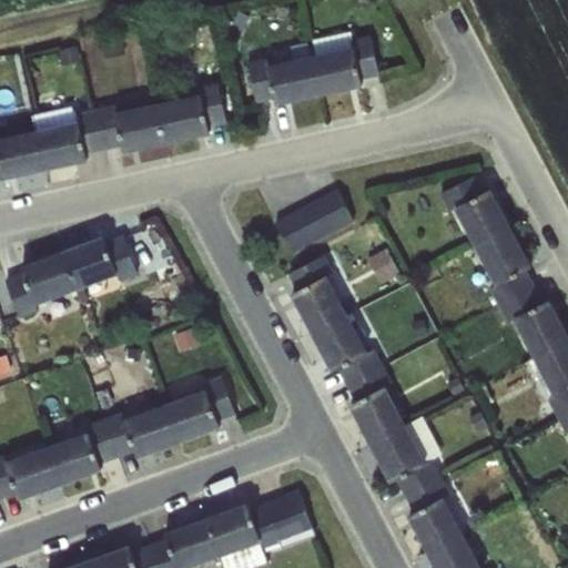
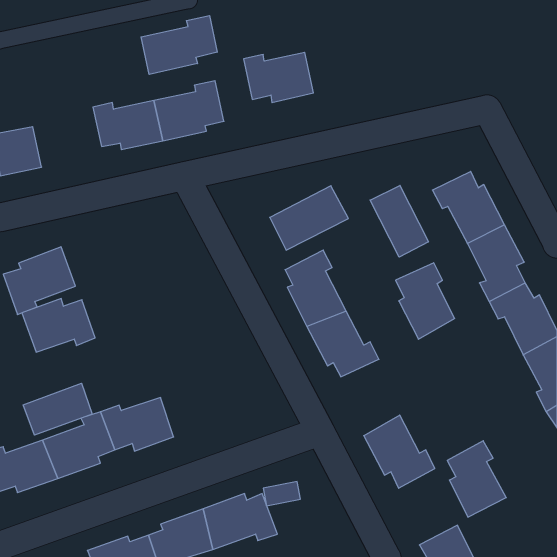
building: none -> [141,16,217,74]
building: [310,34,381,95] -> none
building: [33,110,103,171] -> none
building: none -> [370,185,428,257]
building: [62,237,136,292] -> [22,299,95,352]
building: [346,366,406,444] -> [396,263,455,339]
building: [163,377,235,445] -> none
building: none -> [23,383,92,435]
building: [405,477,465,555] -> [447,441,506,517]

